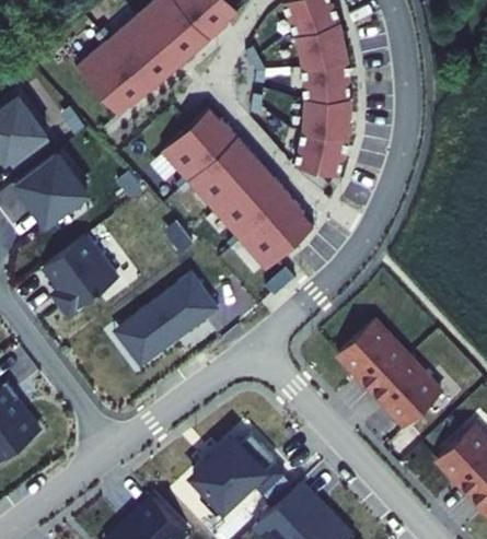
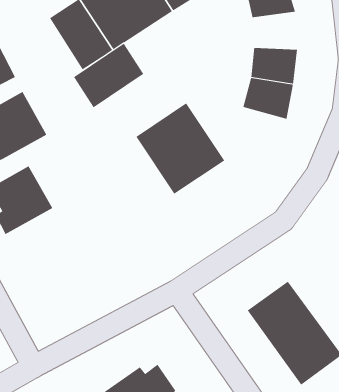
building: [295,25,350,70] -> none
building: [161,109,237,185] -> [73,43,144,108]
building: [294,137,349,180] -> none
building: [237,197,316,272] -> none
building: [113,272,220,367] -> none

